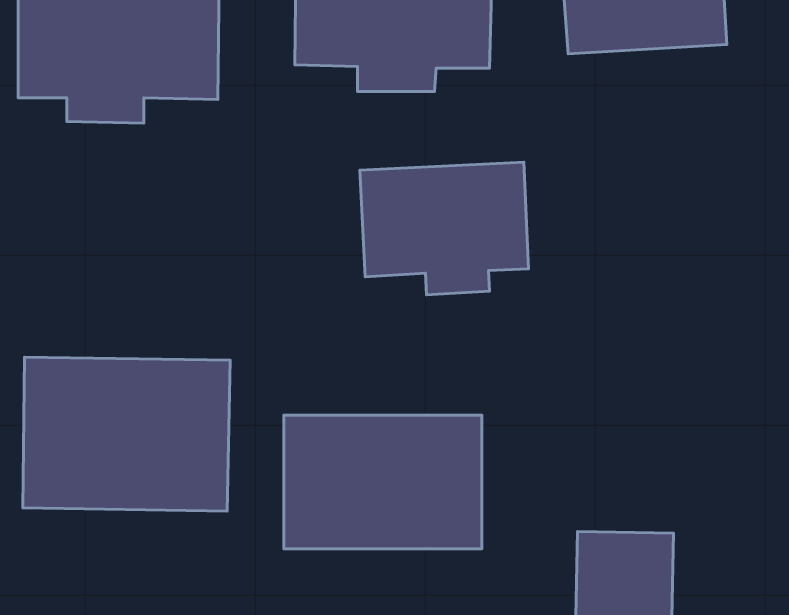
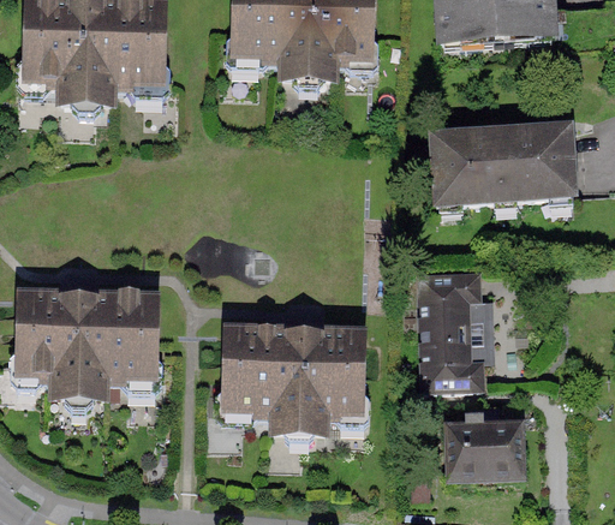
building: none -> [428,121,581,207]
building: [360,162,528,295] -> none
building: none -> [417,269,478,388]

